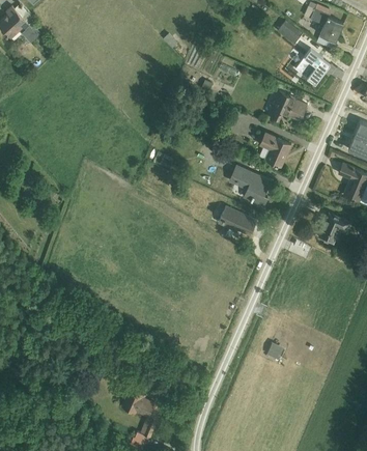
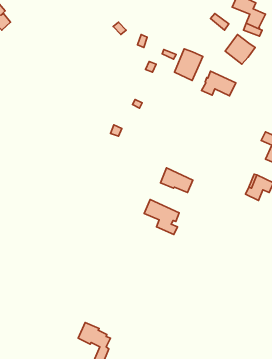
building: none -> [174,49,203,80]
building: [258,132,290,166] -> none
building: [228,164,270,205] -> [144,200,179,235]

